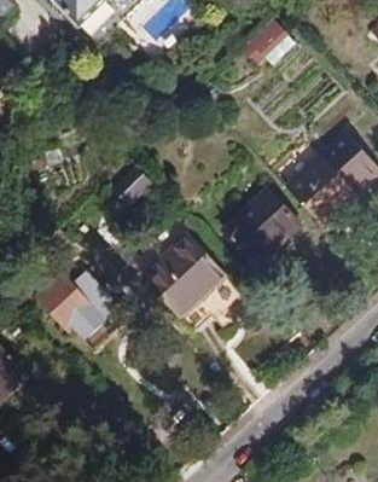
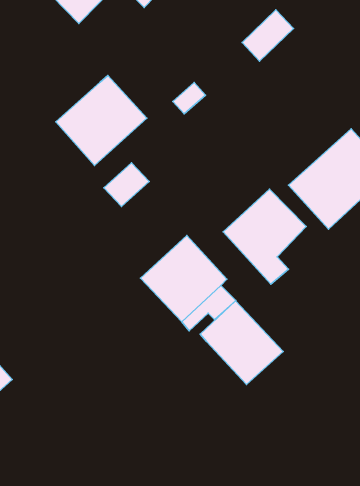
building: none -> [56,76,147,166]
building: [39,278,97,336] -> none
building: none -> [200,301,283,385]

